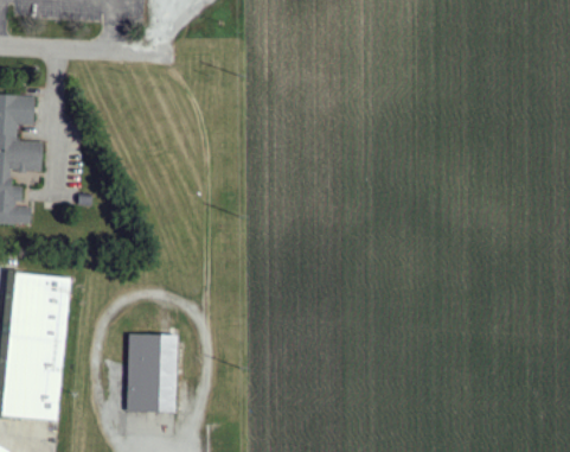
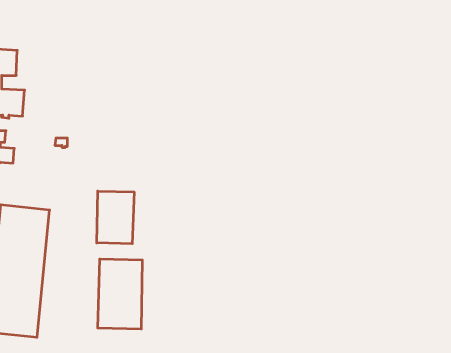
building: none -> [97,191,134,244]

